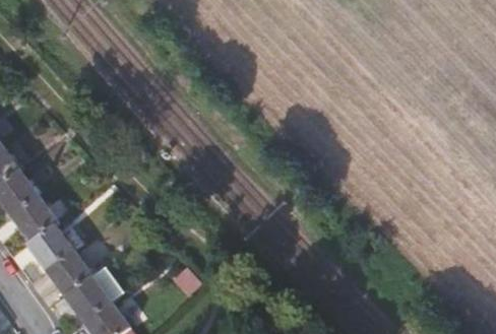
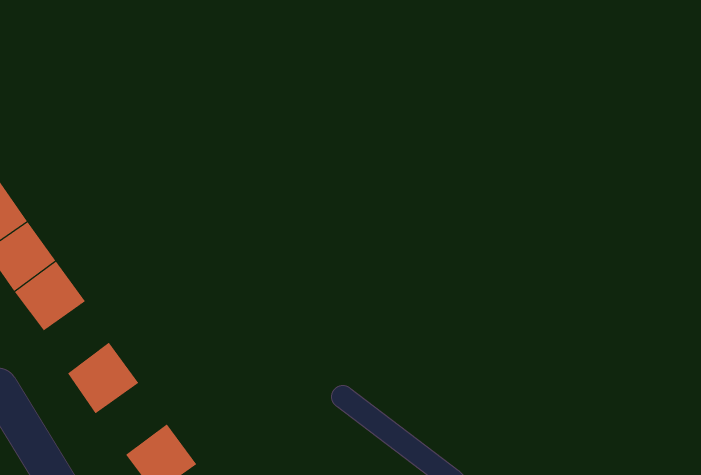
building: [26,222,72,267] -> none
building: [63,273,110,320] -> none

